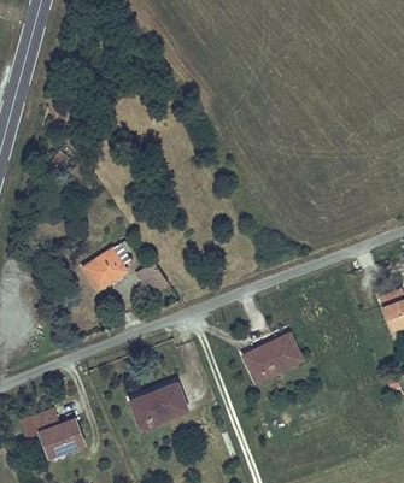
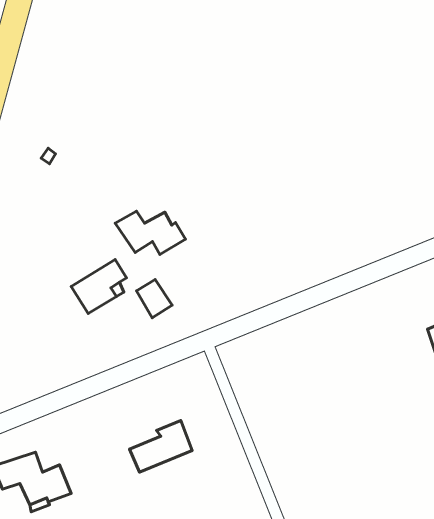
building: none -> [115,211,186,254]
building: [244,331,301,376] -> none

